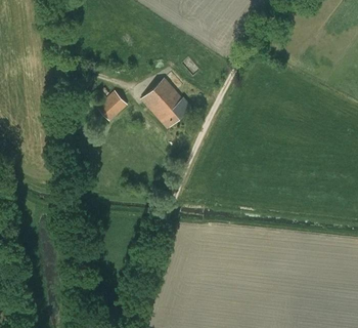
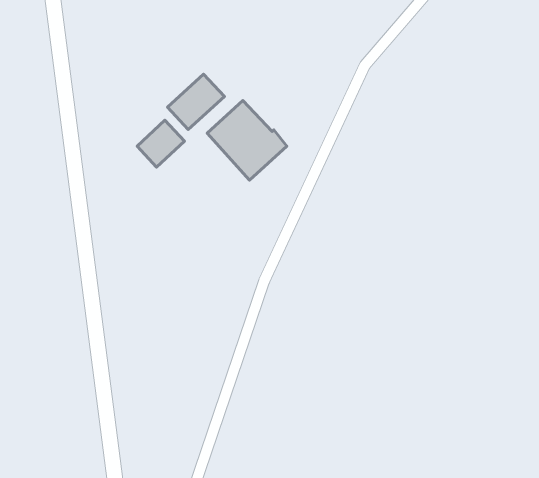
building: none -> [167,74,224,129]

